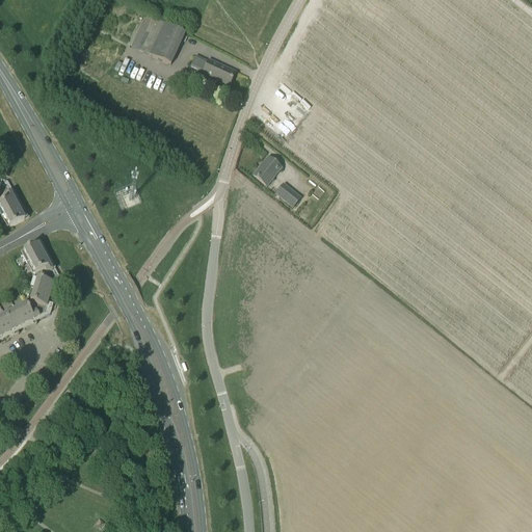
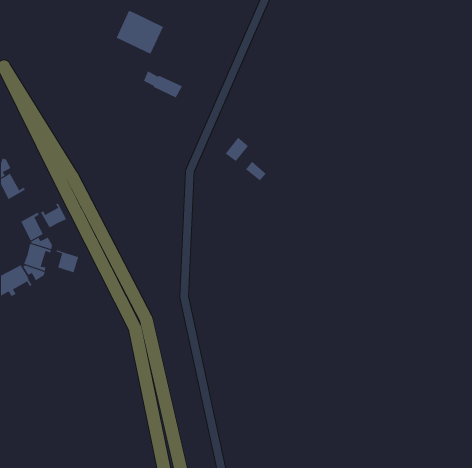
building: [191,52,236,83] -> [143,71,183,98]
building: none -> [40,203,67,229]
building: none -> [56,249,79,273]

